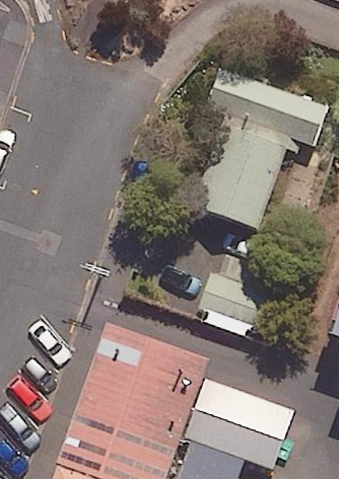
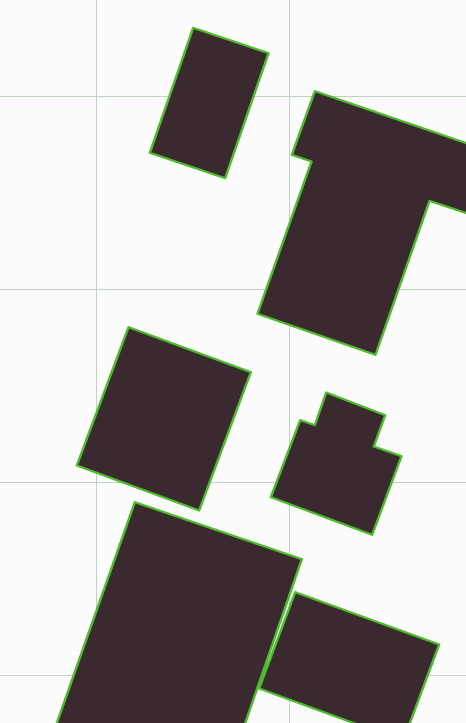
building: none -> [150,28,269,178]
building: none -> [77,327,251,510]

